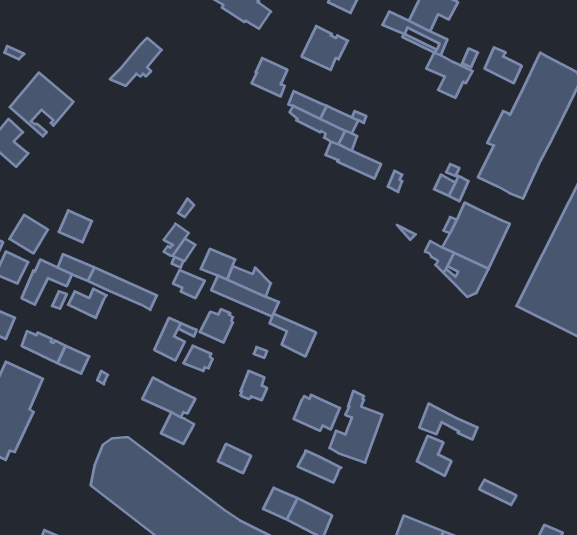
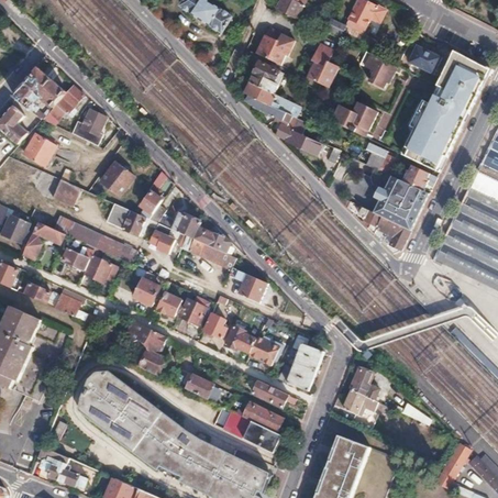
building: [110,38,162,86] -> [41,86,84,125]
building: none -> [307,45,339,88]
building: [252,58,287,96] -> [248,62,278,93]
building: none -> [331,102,376,136]
building: none -> [71,110,107,143]
building: none -> [101,163,134,195]
building: none -> [401,165,436,190]
building: [9,215,48,253] -> [24,134,56,166]
building: none -> [107,204,146,236]
building: none -> [84,255,117,281]
building: [200,309,233,342] -> [178,297,206,324]
building: none -> [225,323,255,352]
building: [419,404,478,439] -> [343,389,391,419]
building: none -> [242,402,283,432]

